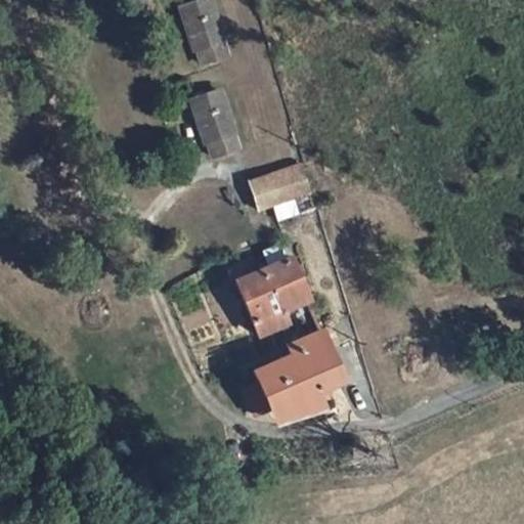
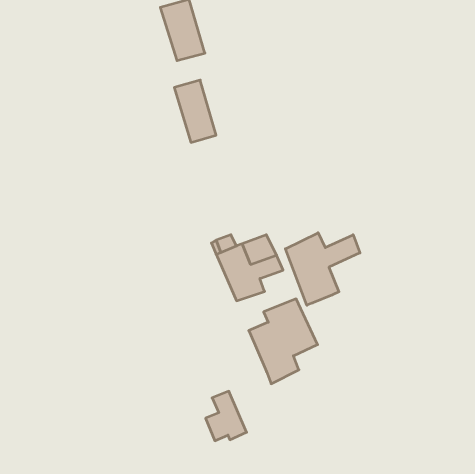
building: [253,166,307,208] -> none
building: none -> [285,233,360,305]
building: [248,363,293,418] -> [206,391,247,441]

